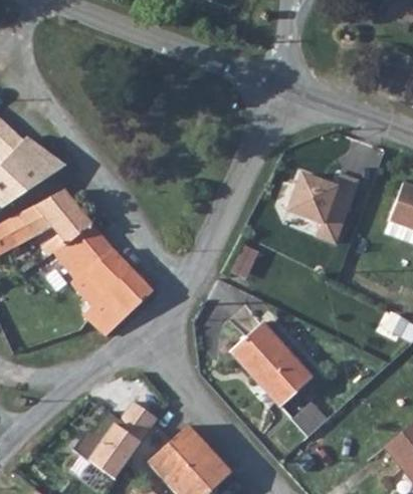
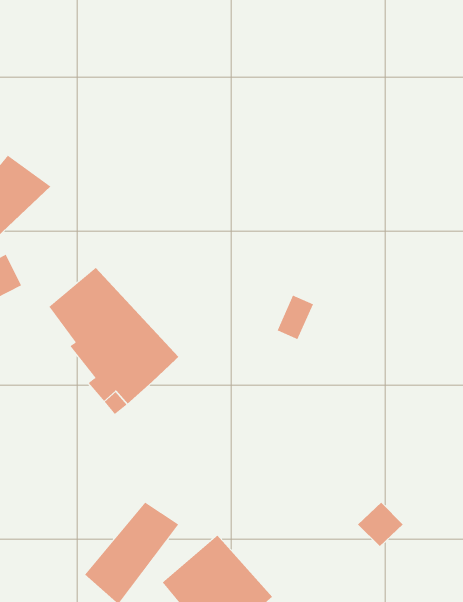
building: [279,171,359,244] -> none
building: [34,188,91,251] -> none
building: [234,325,313,406] -> none

